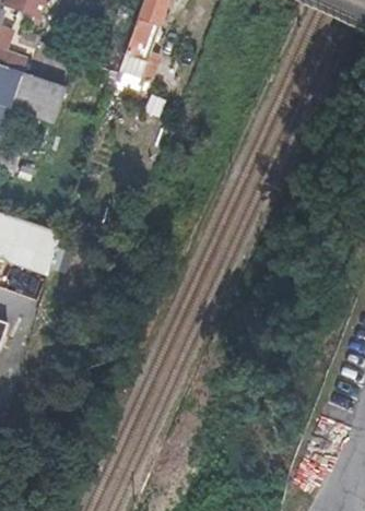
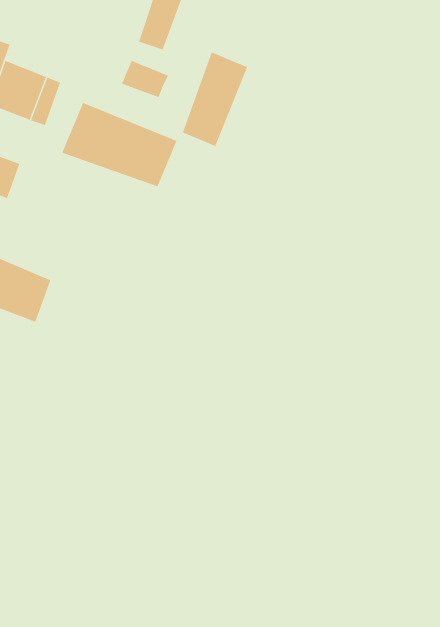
building: none -> [182,51,248,147]
building: none -> [61,102,177,187]

